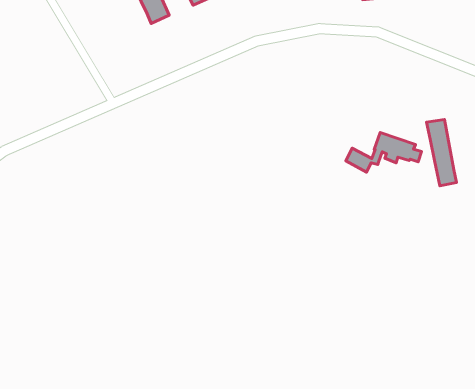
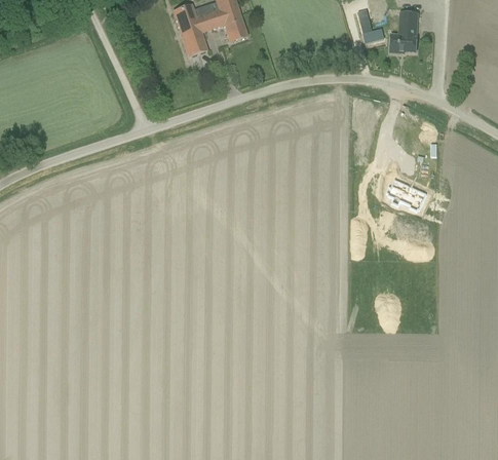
building: [427,120,457,186] -> none

